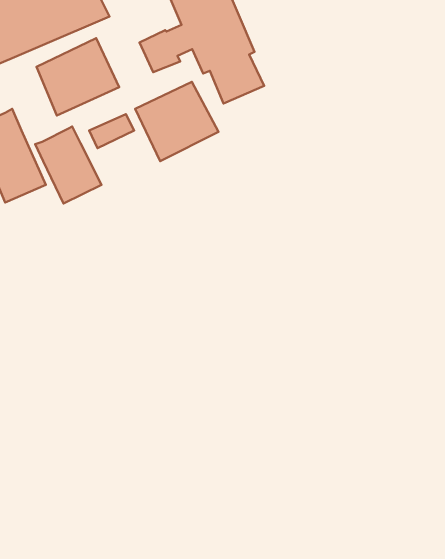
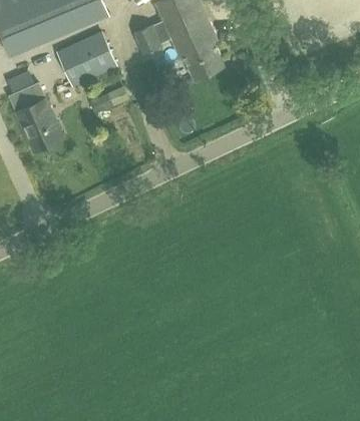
building: [135,82,219,161] -> none
building: [35,126,102,203] -> none

